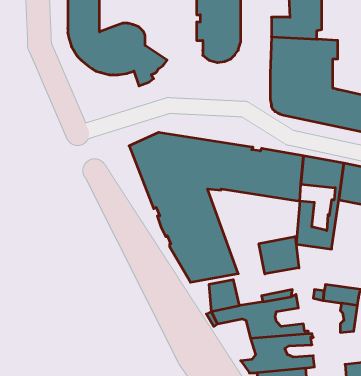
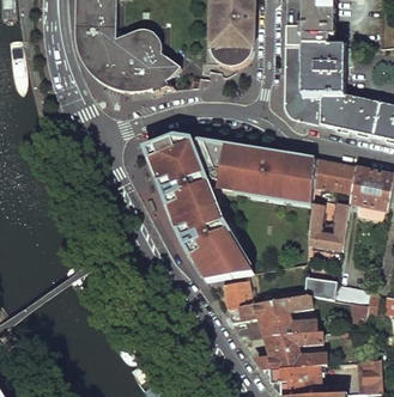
building: [259,237,299,274] -> none

